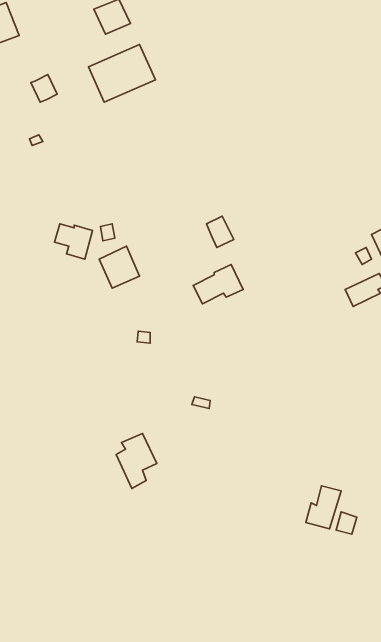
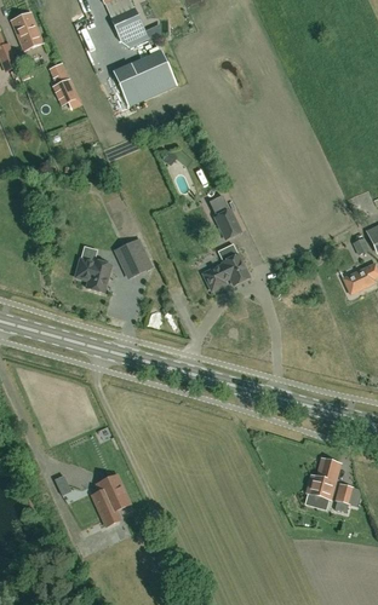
building: [55,224,93,259] -> [75,259,110,292]
building: [116,433,157,488] -> [92,474,130,525]

